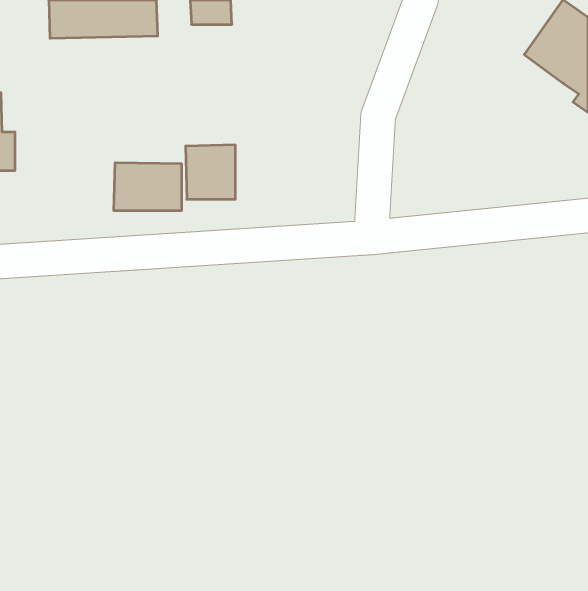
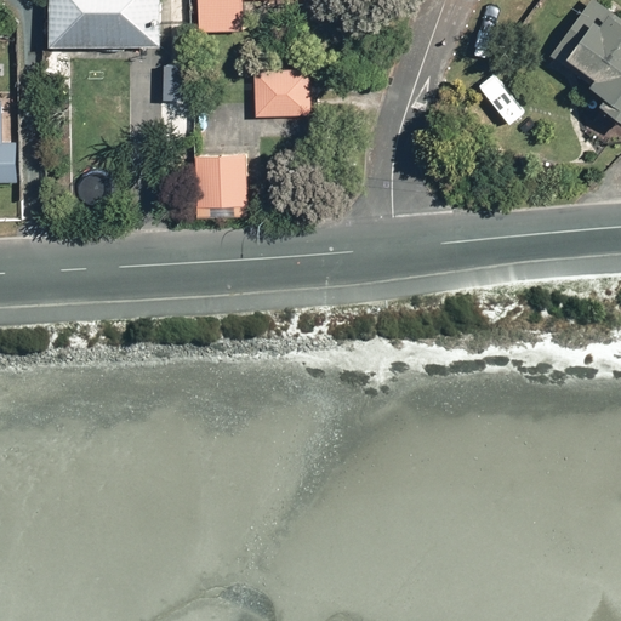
building: none -> [255,69,310,114]
building: [114,163,181,211] -> none

